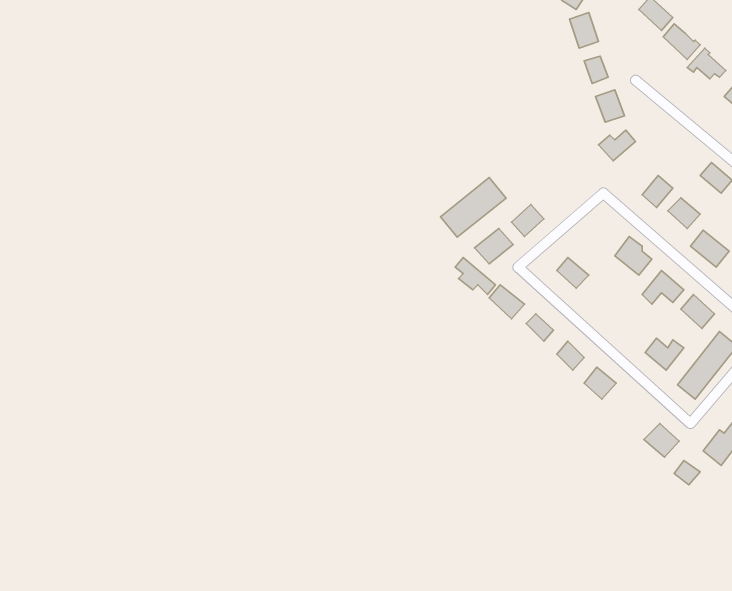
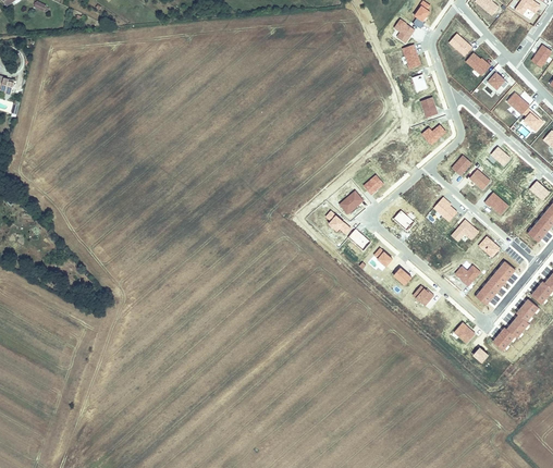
building: [440,178,506,237] -> none

